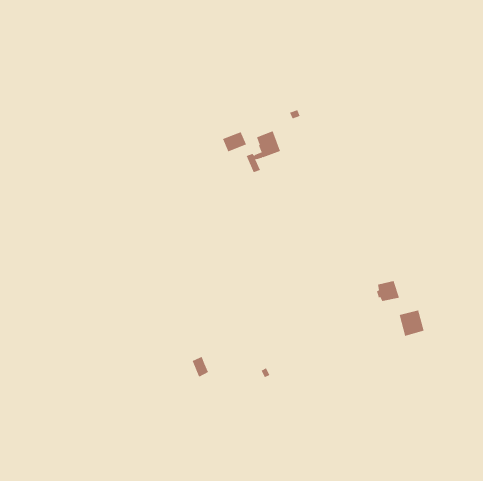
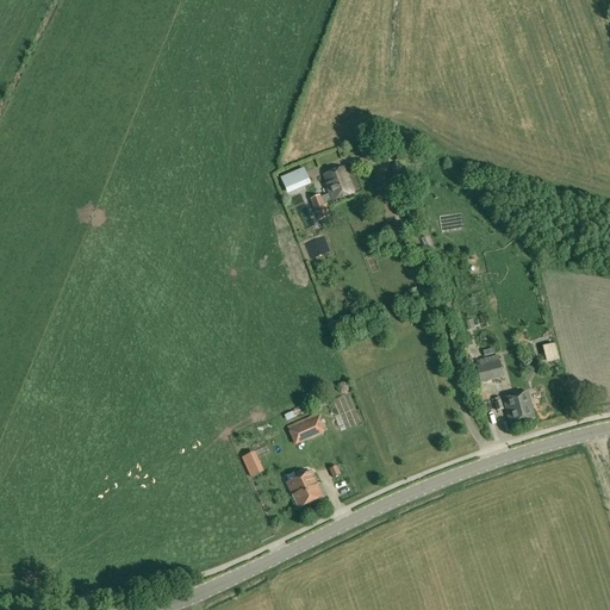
building: none -> [288,413,323,441]
building: none -> [287,471,323,506]

